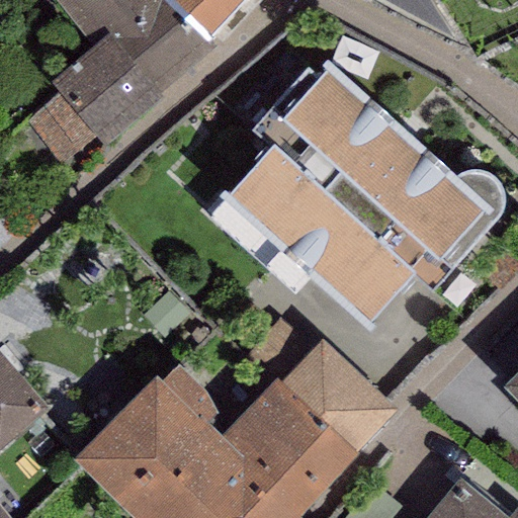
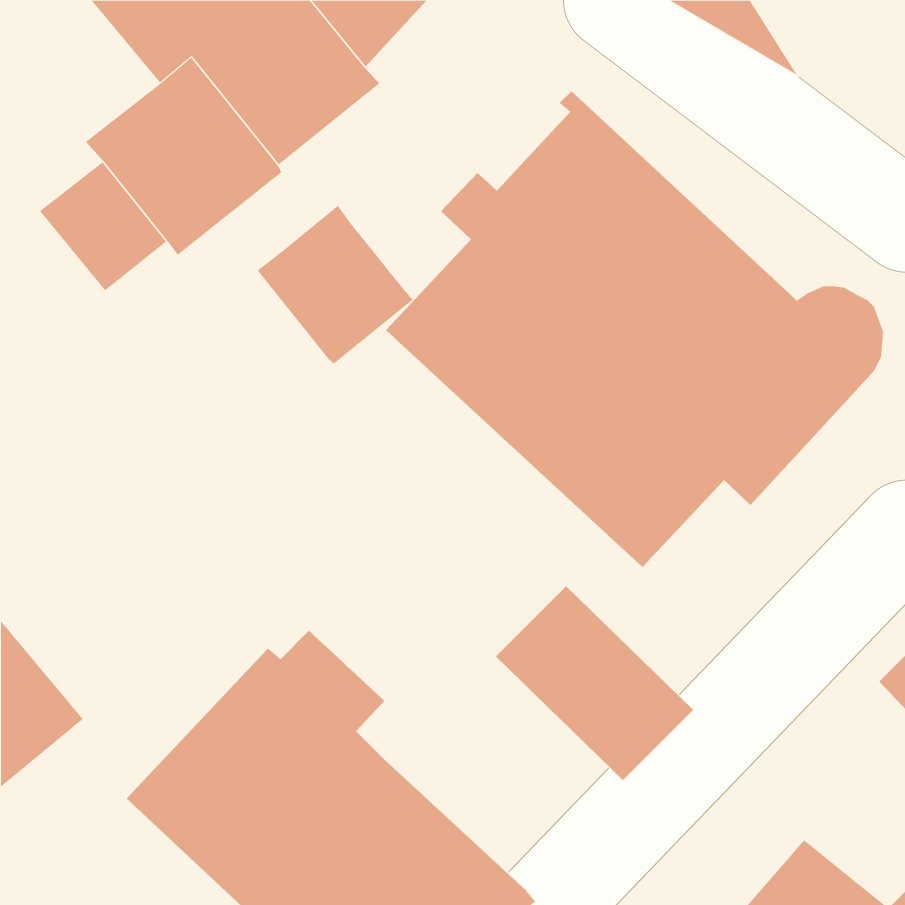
building: none -> [257,205,413,364]
building: [221,372,359,509] -> none

